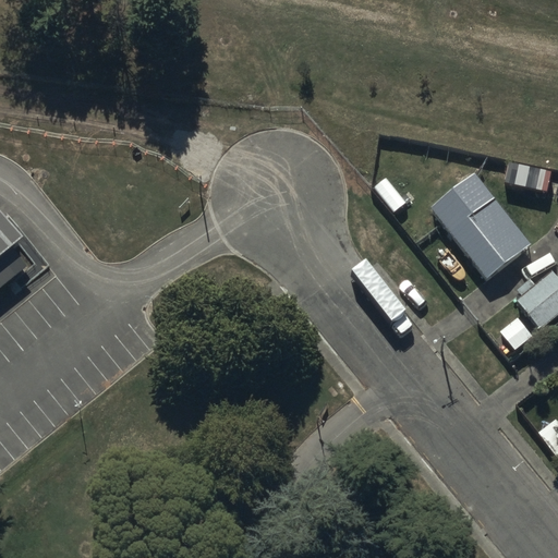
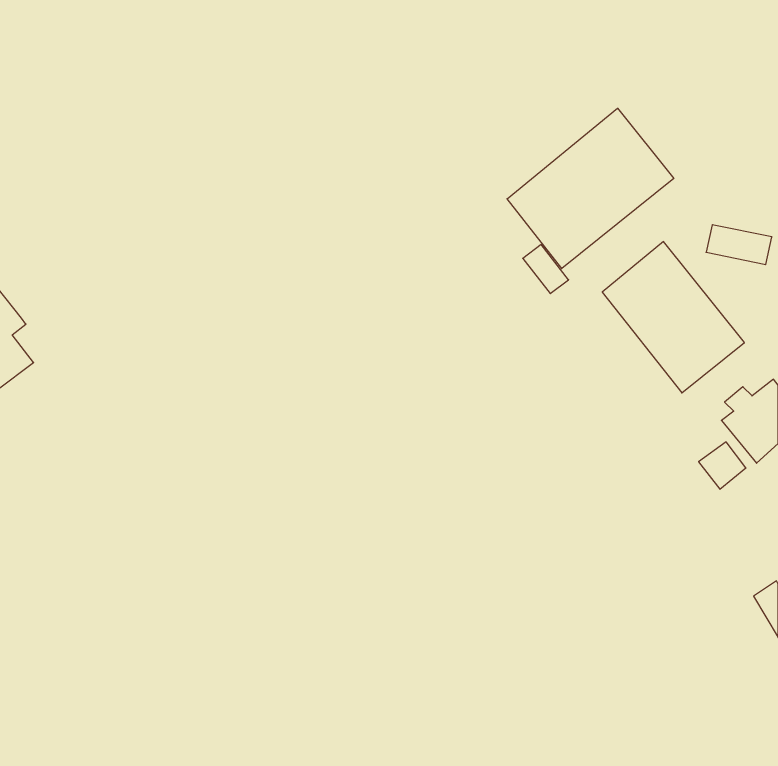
building: none -> [507,108,674,269]

